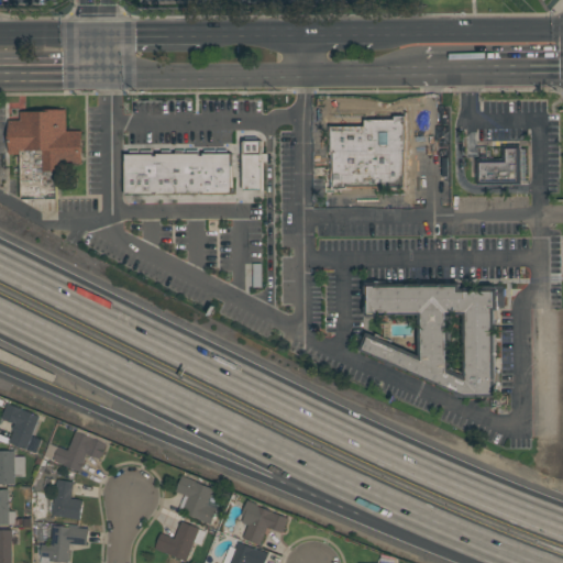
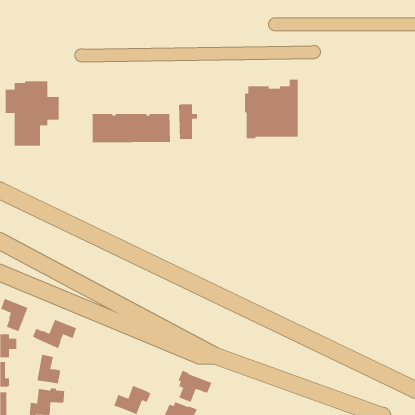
building: [475,145,525,185] -> none
building: [358,284,503,398] -> none
building: [174,476,218,526] -> none

